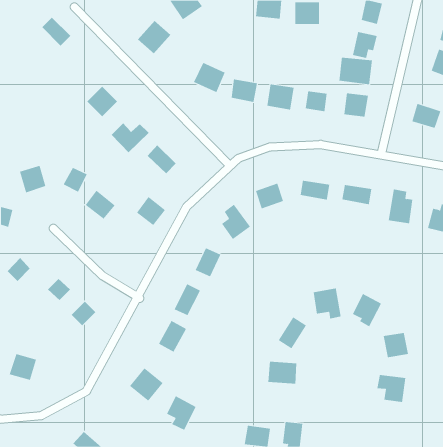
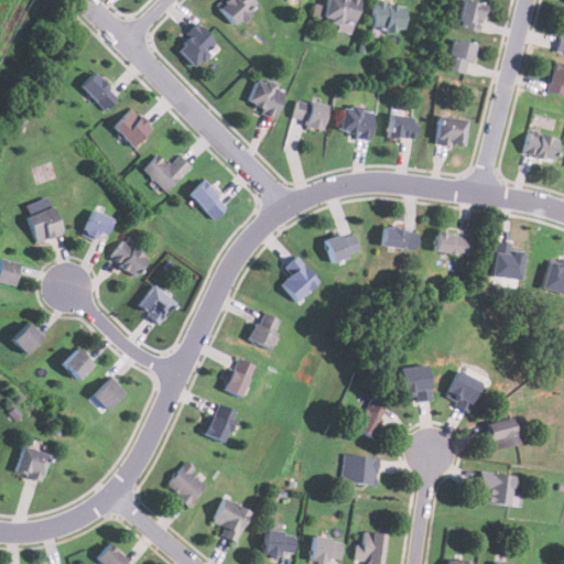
building: [41,17,71,46] -> [83,74,120,111]
building: [339,57,373,85] -> none
building: [136,196,166,226] -> [139,285,176,323]
building: none -> [264,529,299,557]

